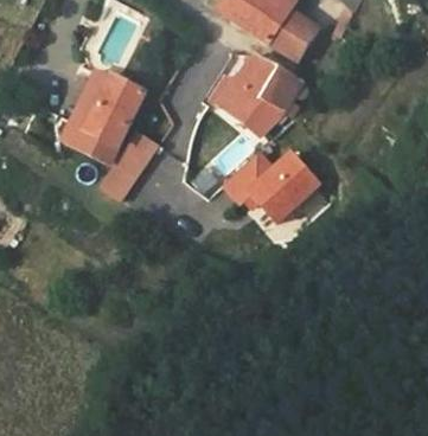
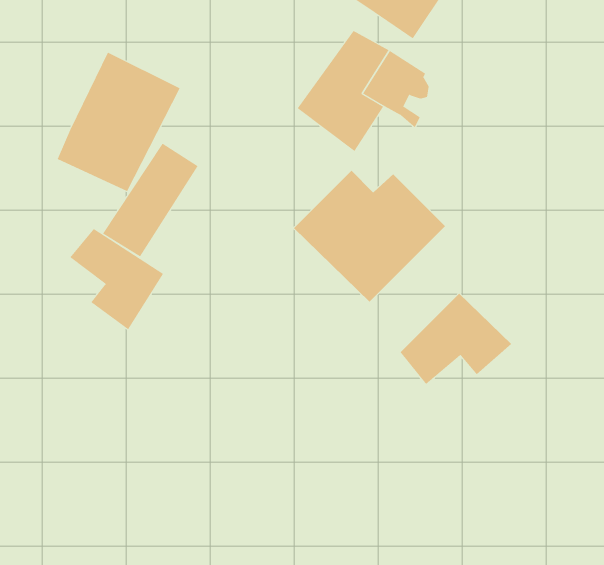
building: none -> [69,228,164,330]
building: none -> [400,293,512,385]

